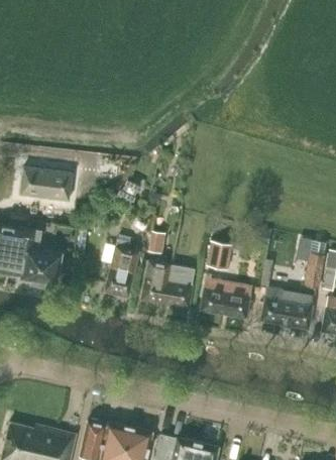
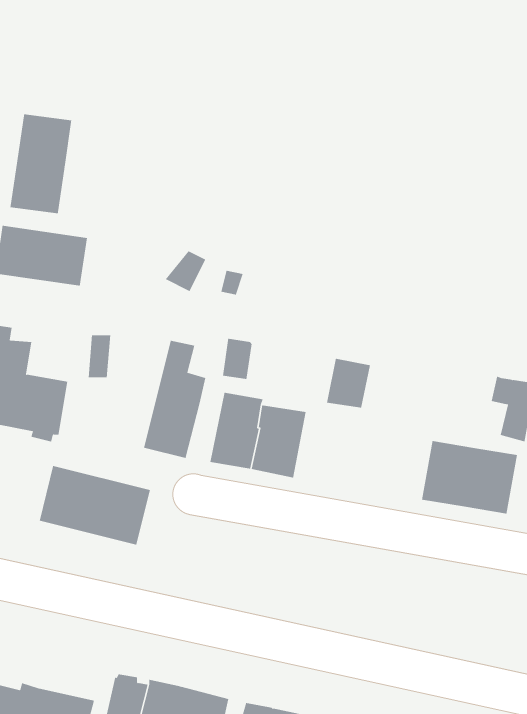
building: none -> [10,114,72,214]
building: [200,274,252,319] -> none
building: none -> [39,465,150,546]

